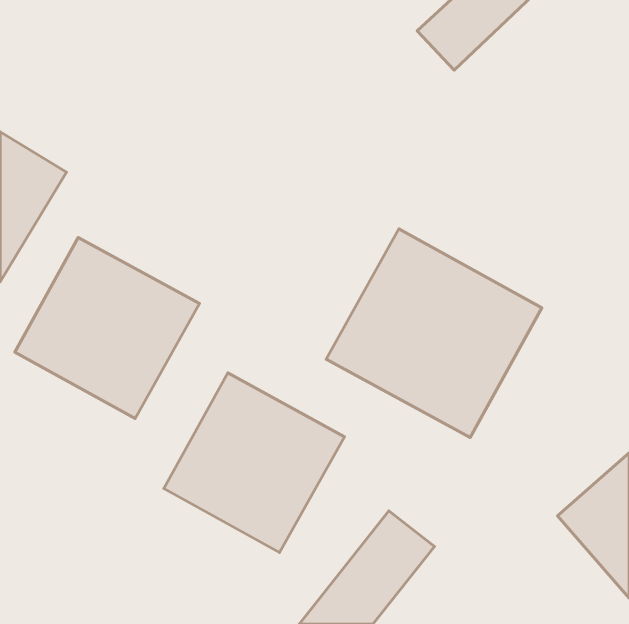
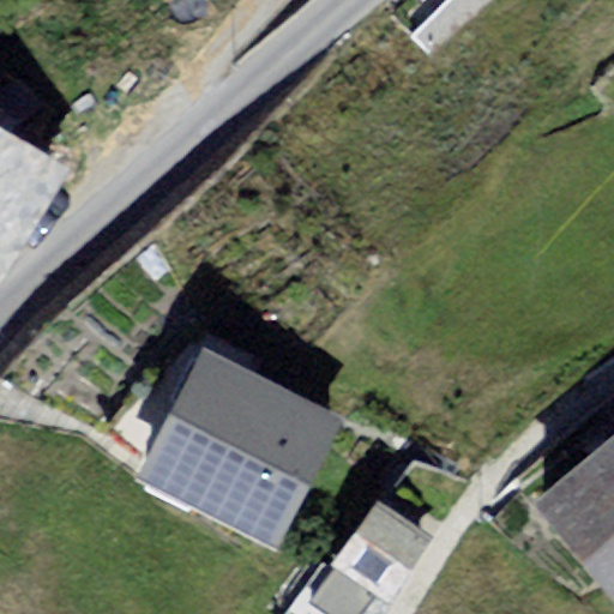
building: [326,229,542,438] -> none
building: [15,238,200,419] -> none

